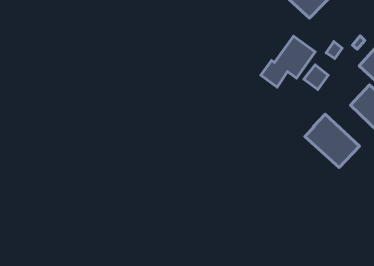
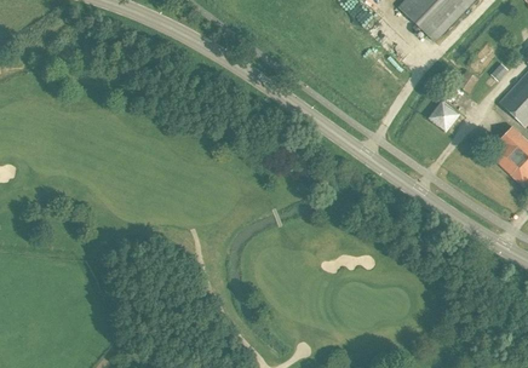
building: [261,36,315,87] -> none
building: [305,114,360,167] -> none

